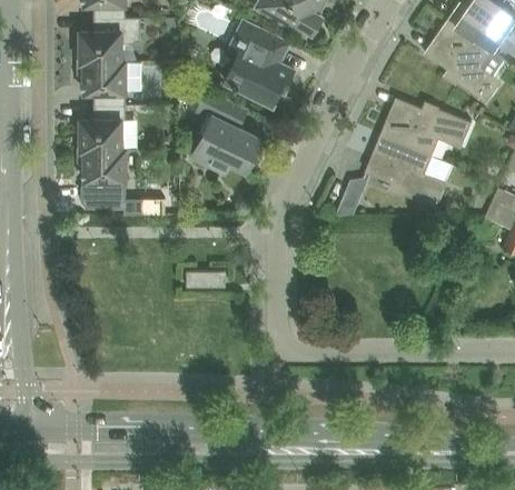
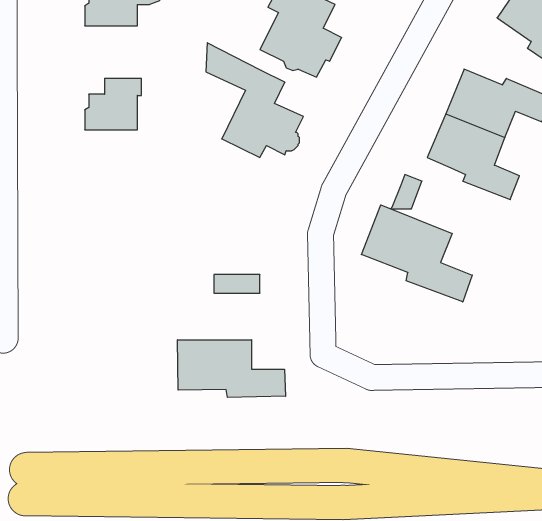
building: [77,60,140,104] -> none
building: [77,148,165,213] -> none
building: none -> [361,205,472,302]
building: none -> [178,340,286,397]

